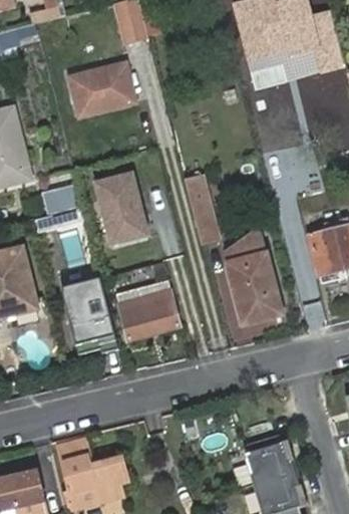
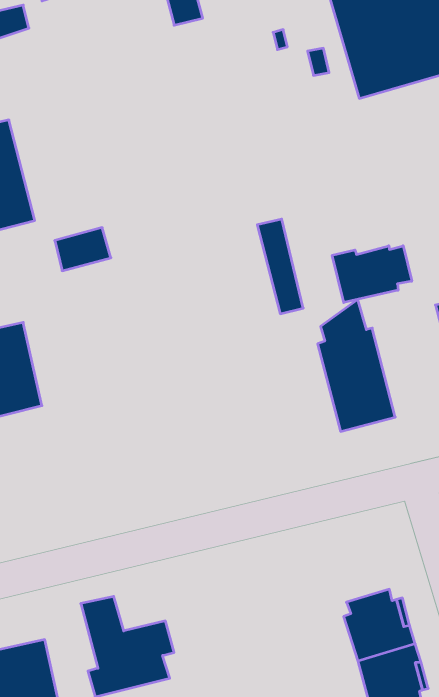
building: [70,63,136,115] -> none
building: [98,174,148,243] -> none
building: none -> [332,246,412,303]
building: [63,278,120,354] -> none
building: [117,280,181,339] -> none

